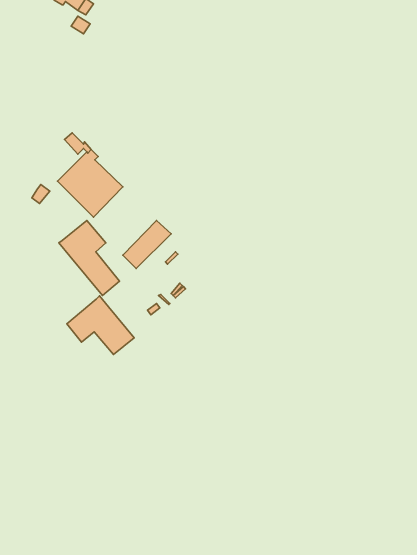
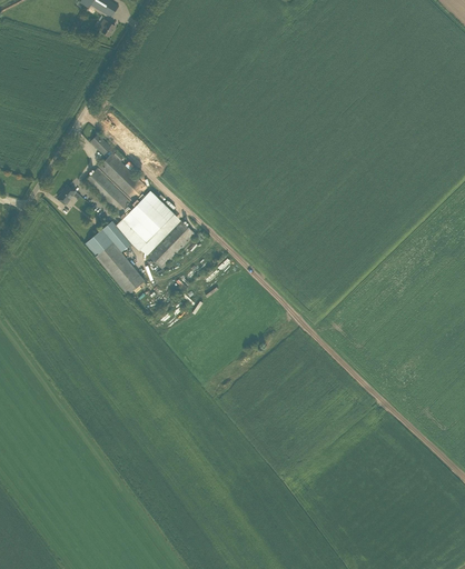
building: none -> [121,189,174,241]
building: [67,296,134,354] -> none

